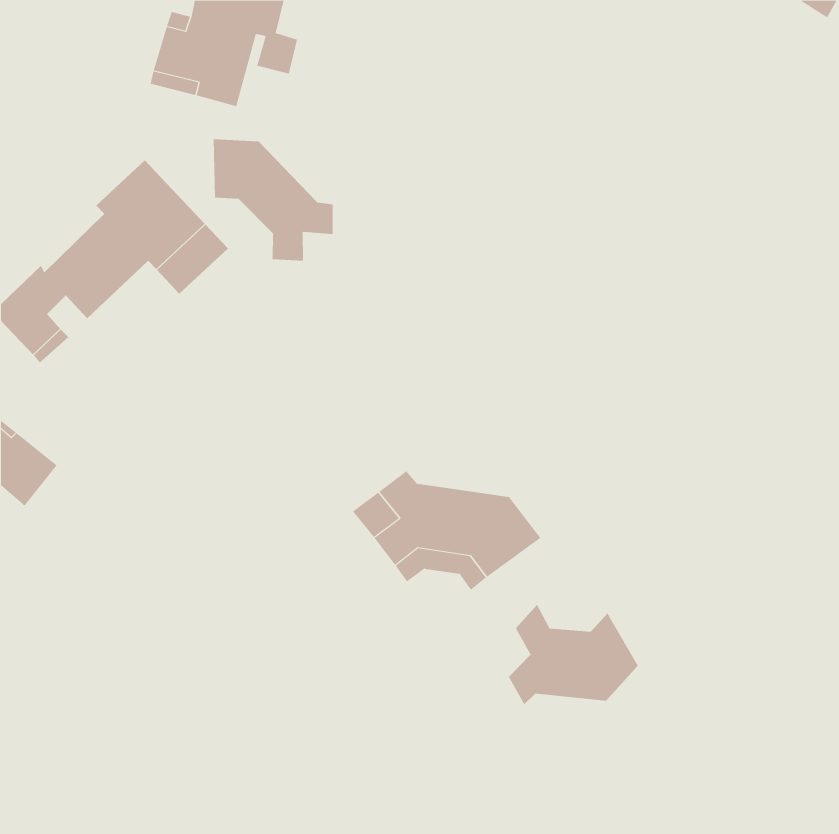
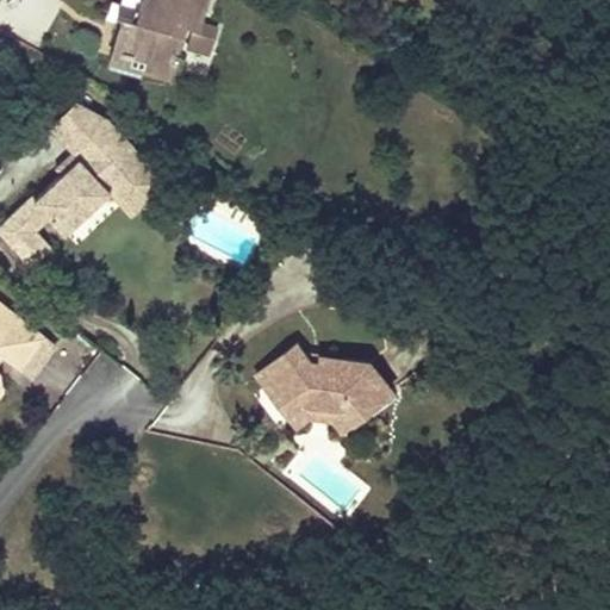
building: none -> [49,105,106,154]
building: [213,139,333,262] -> none
building: [508,604,638,705] -> none

